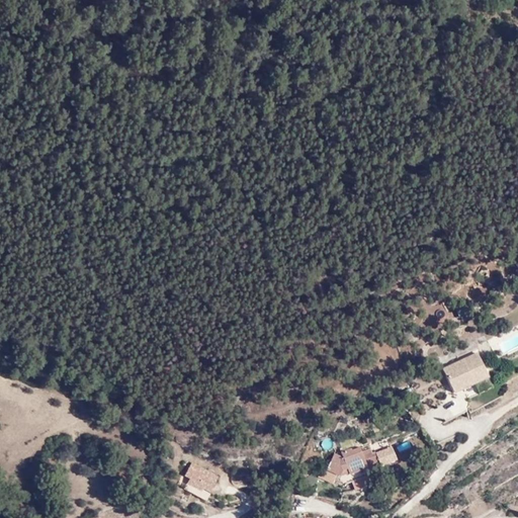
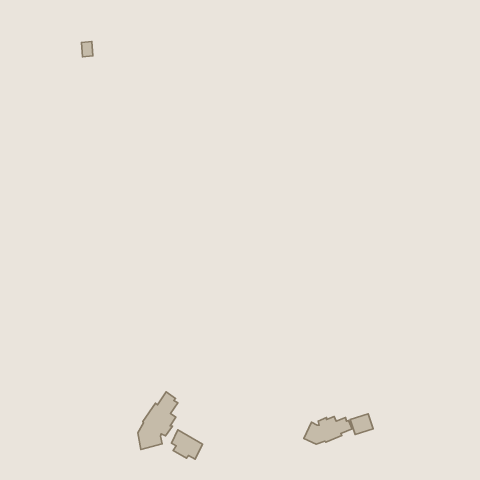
building: [440,355,486,395] -> none
building: none -> [138,392,178,449]

